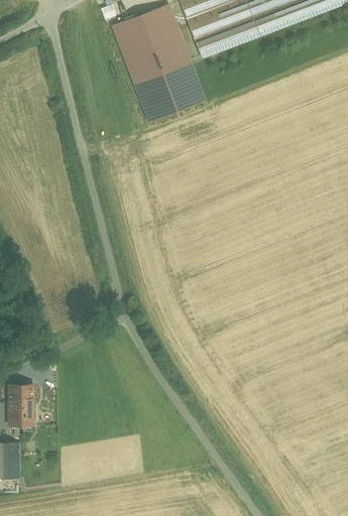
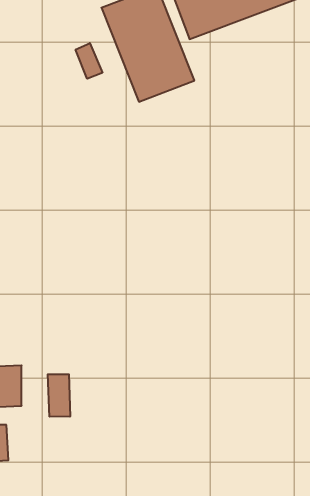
building: none -> [76,43,102,79]
building: none -> [48,374,70,417]

